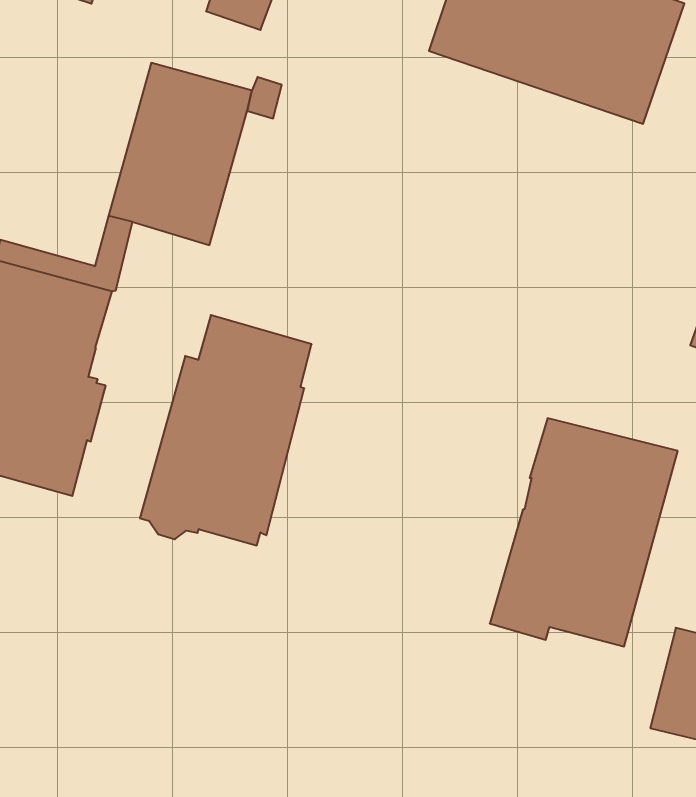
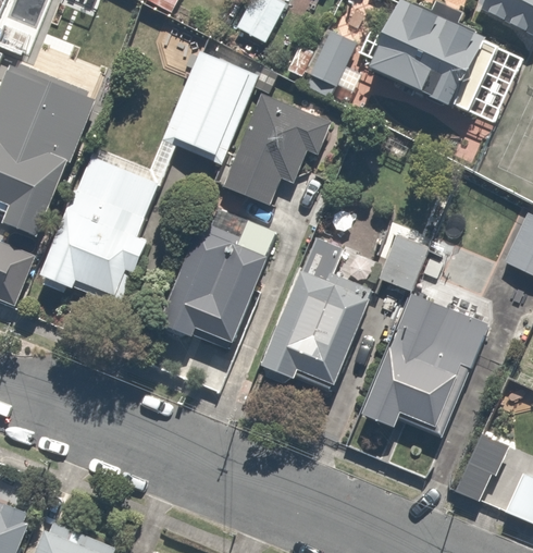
building: none -> [282,36,348,83]
building: none -> [221,93,329,206]
building: none -> [376,234,427,291]
building: none -> [261,237,371,392]

